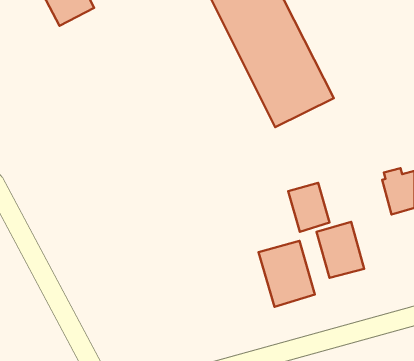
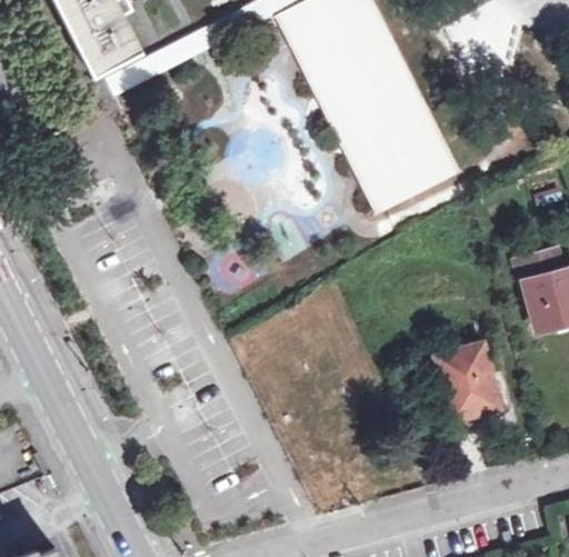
building: [288,183,330,232] -> none
building: [259,241,315,307] -> none

